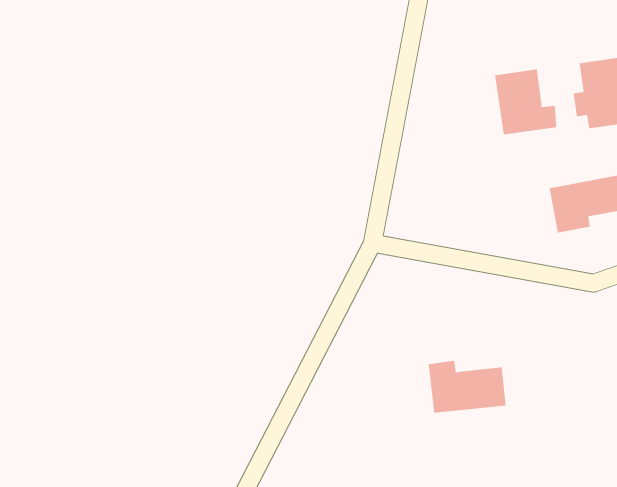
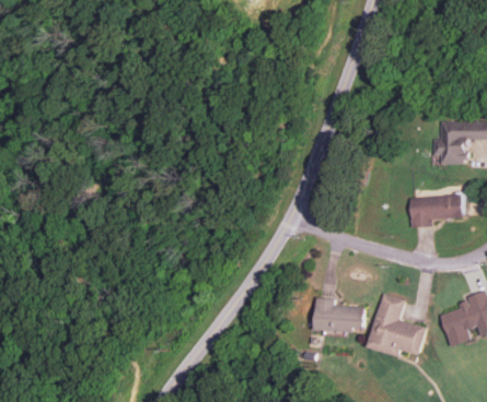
building: [495,69,557,135] -> none
building: none -> [368,293,426,355]

